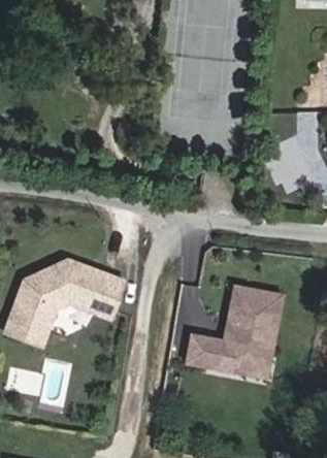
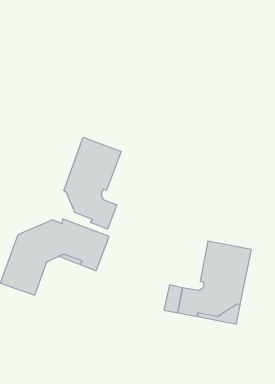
building: none -> [64,137,121,229]

